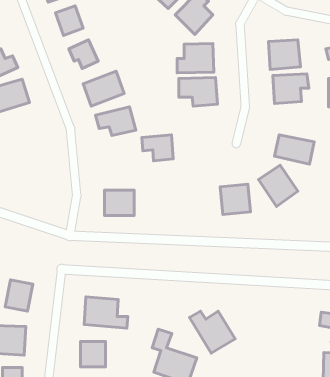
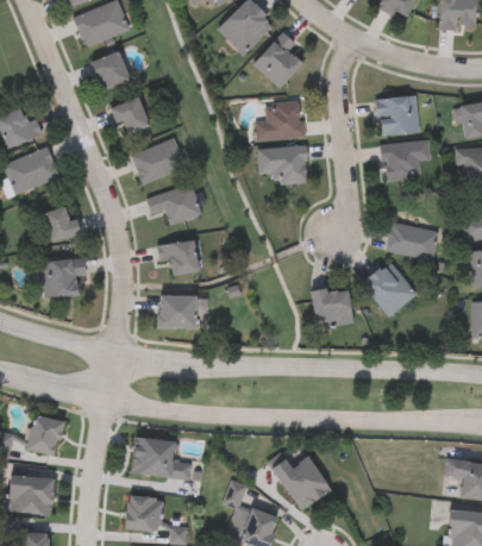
building: none -> [44,207,82,240]
building: [142,135,173,161] -> [156,240,198,275]
building: none -> [42,259,86,297]

